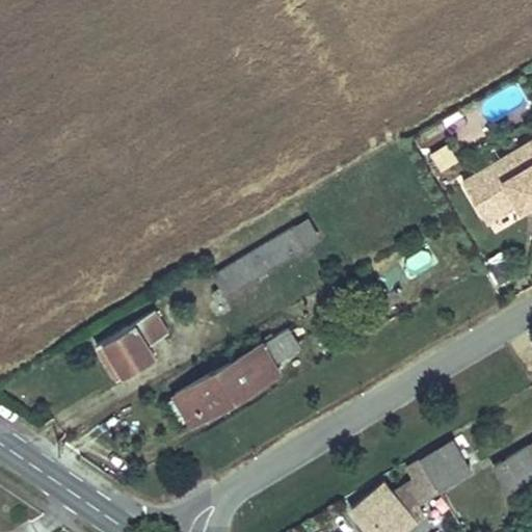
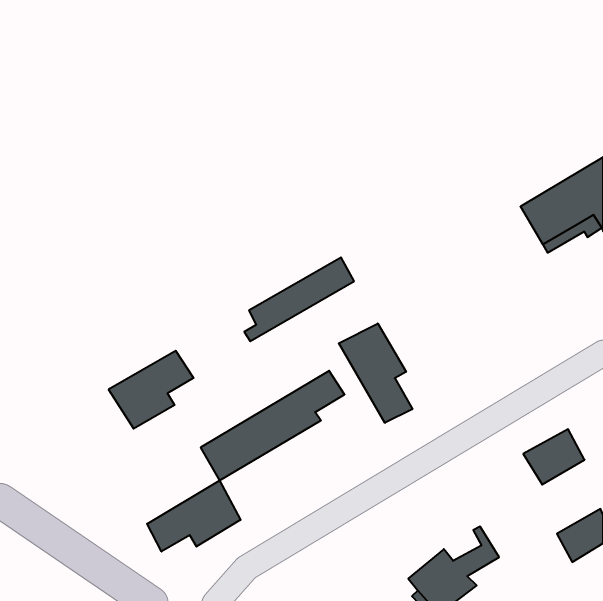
building: none -> [339,323,412,423]
building: none -> [147,481,241,552]
building: [423,444,477,493] -> [523,429,585,485]

